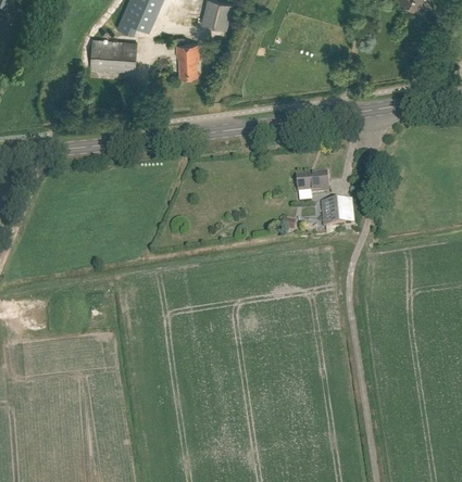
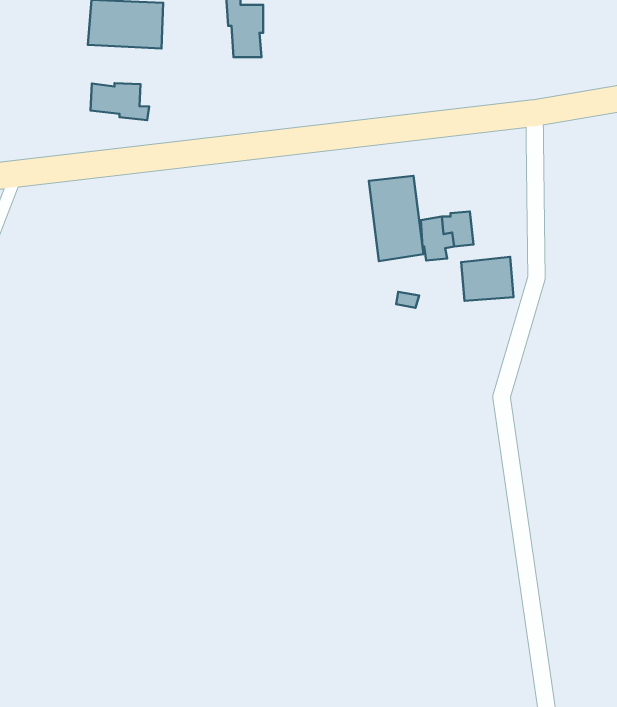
building: none -> [90,83,149,120]
building: none -> [369,176,424,261]

